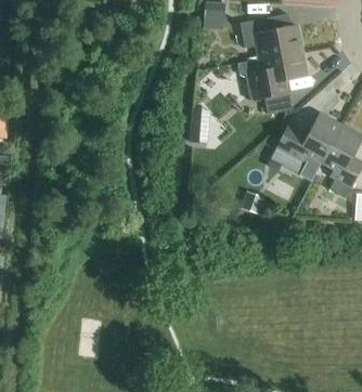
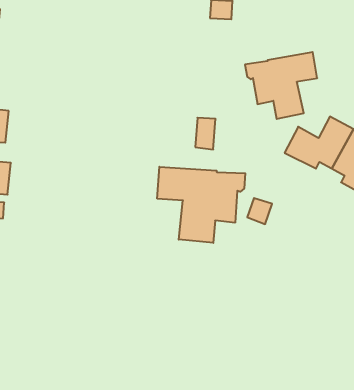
building: [240,13,302,58] -> none
building: none -> [157,167,245,243]

